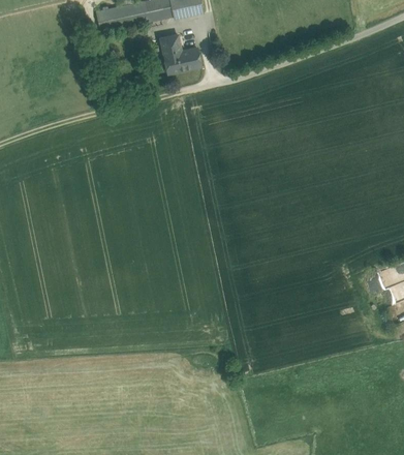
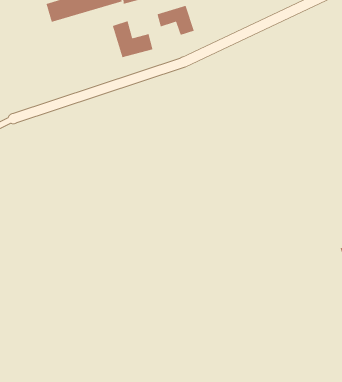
building: none -> [157,5,195,36]

